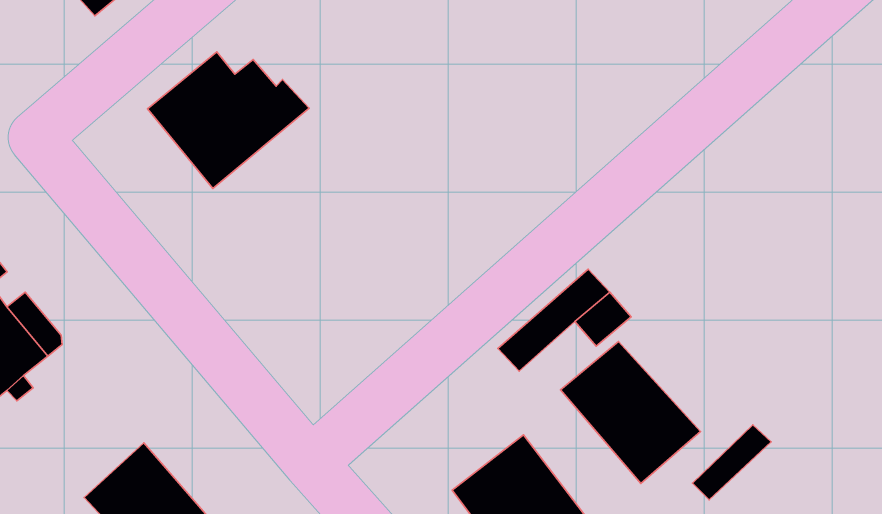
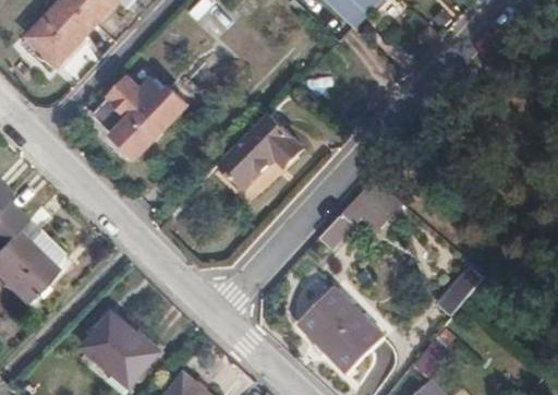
building: none -> [218,116,301,190]
building: [560,341,700,484] -> none

